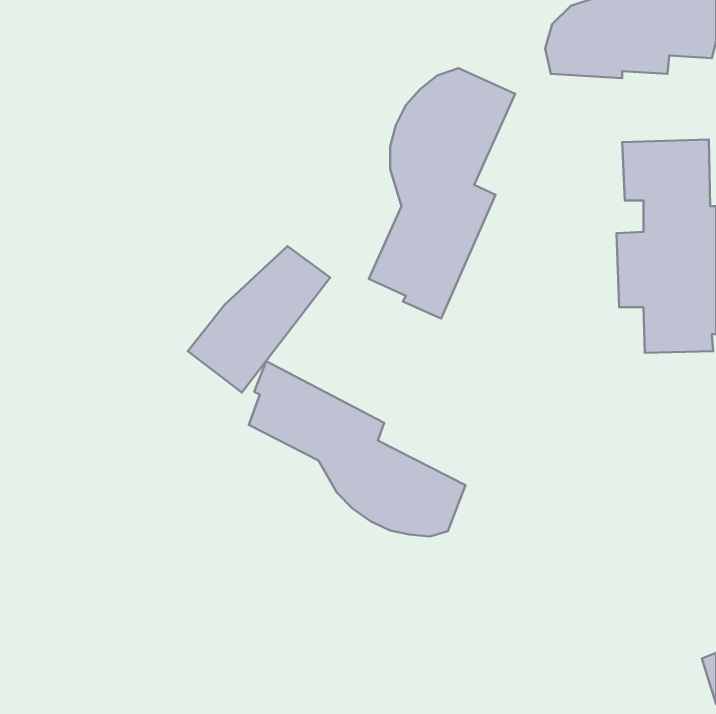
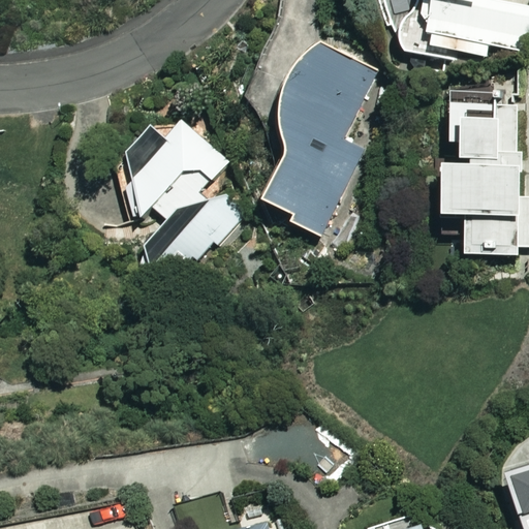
building: none -> [124,116,227,222]
building: [249,361,465,536] -> none

